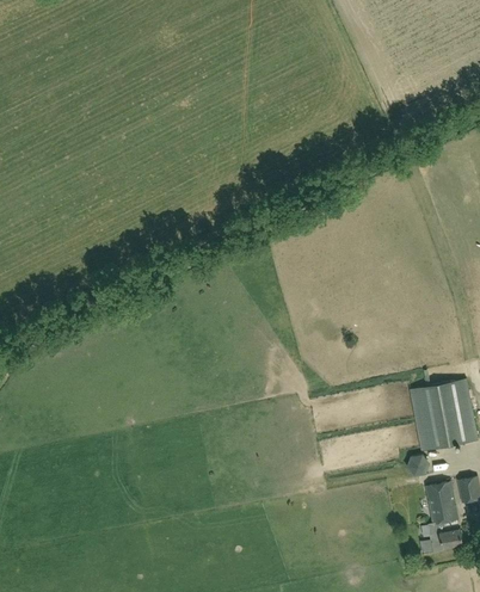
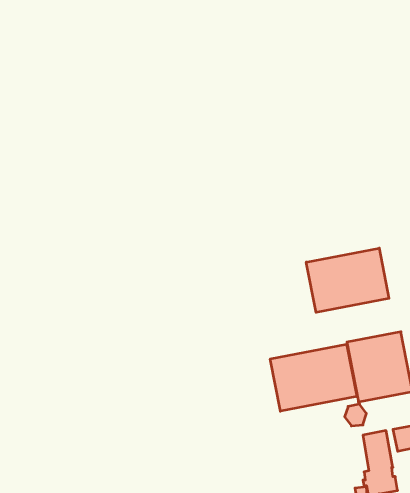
building: none -> [306,248,389,312]
building: none -> [270,344,357,411]

